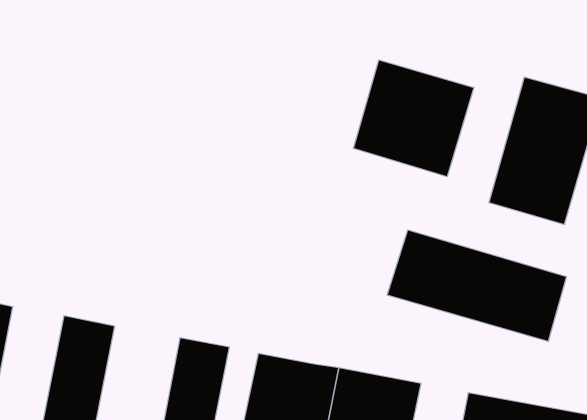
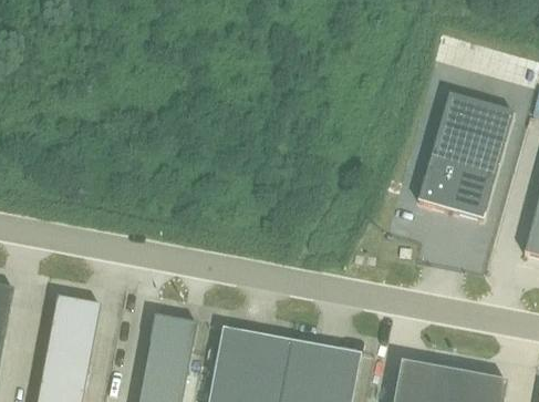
building: [353,60,474,177] -> none
building: [387,230,567,342] -> none

